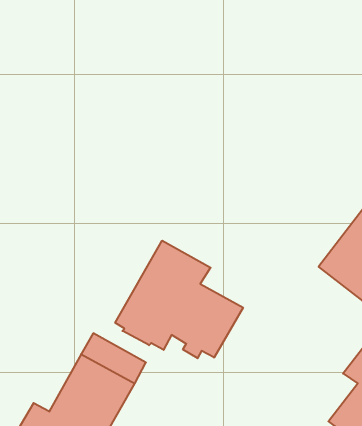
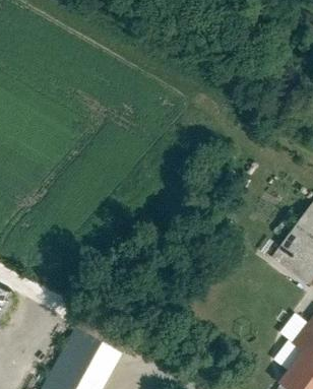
building: [115,241,243,358] -> none

